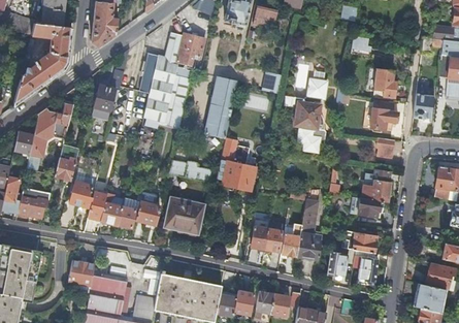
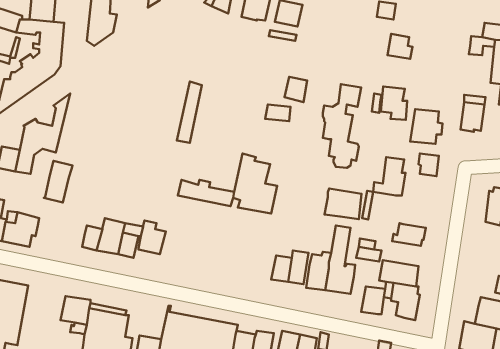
building: [138,33,205,122] -> none
building: [93,49,129,111] -> none
building: [373,69,396,98] -> [381,86,407,120]
building: [205,77,237,138] -> none
building: none -> [325,189,362,219]
building: [363,169,391,202] -> [373,157,405,195]
building: [69,177,95,208] -> none
building: [164,197,204,234] -> none

